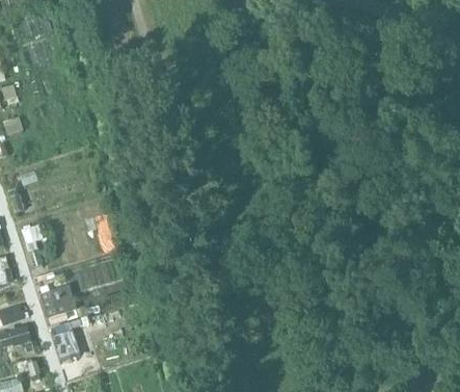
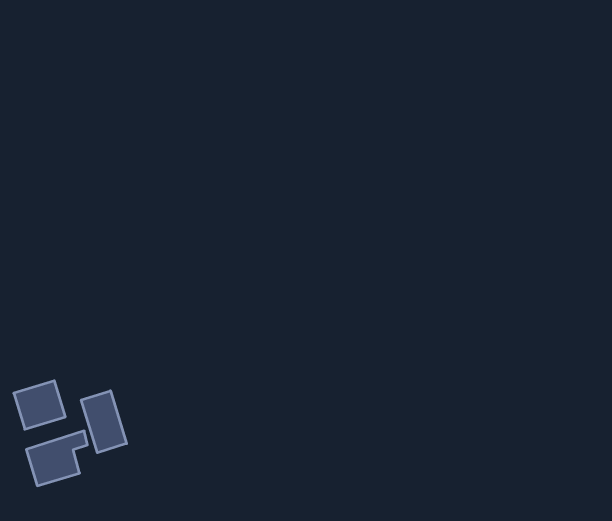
building: none -> [81,391,127,453]

